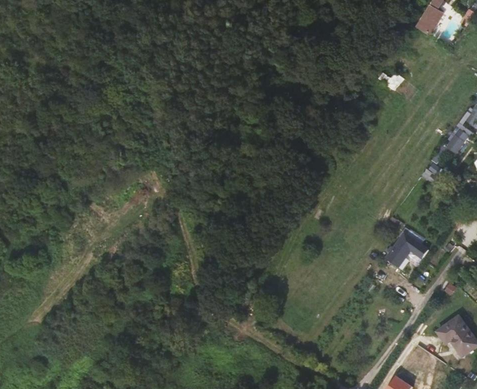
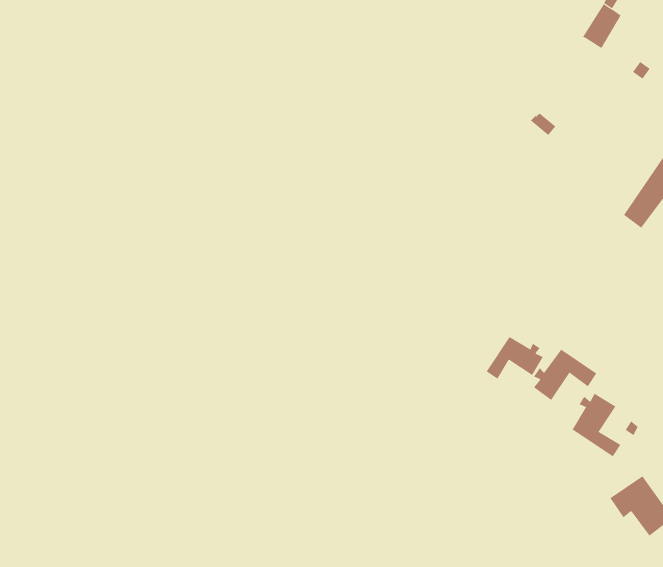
building: none -> [486,336,544,379]
building: none -> [572,393,621,457]

